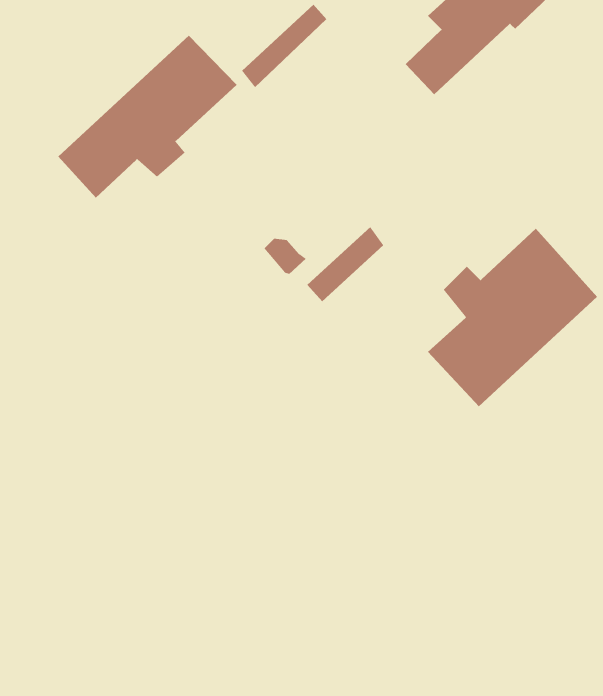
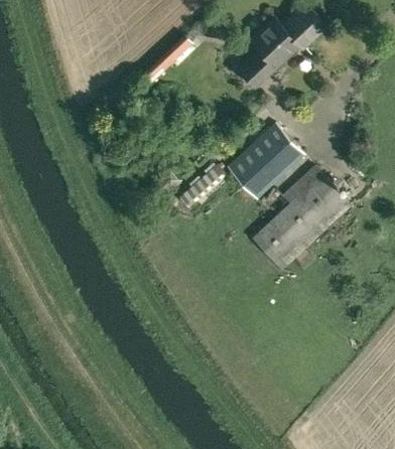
building: [58,35,237,199] -> none
building: none -> [227,122,304,199]

